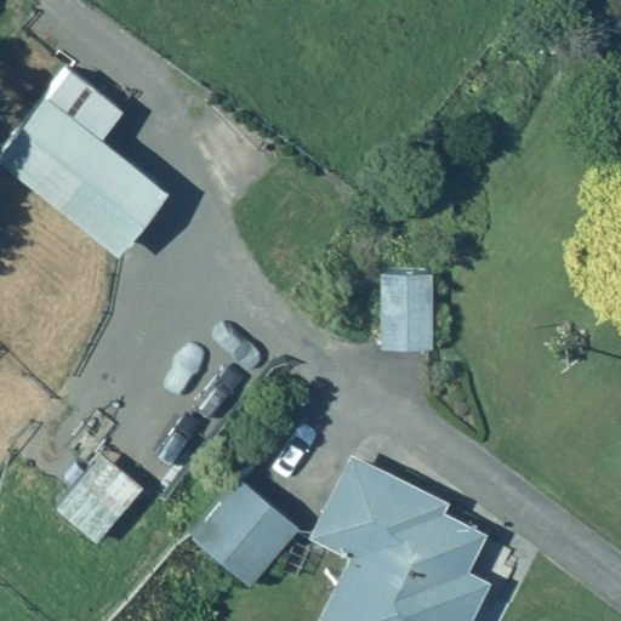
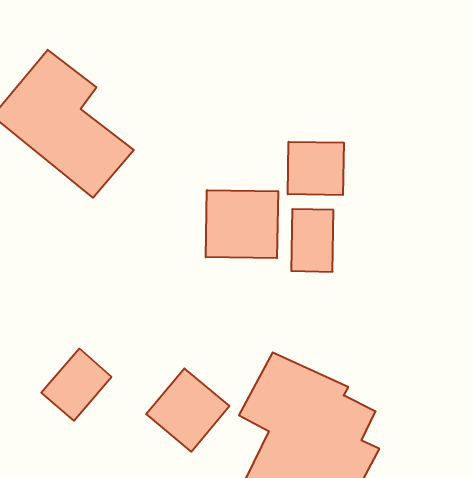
building: none -> [288,142,344,195]
building: none -> [206,190,278,258]

